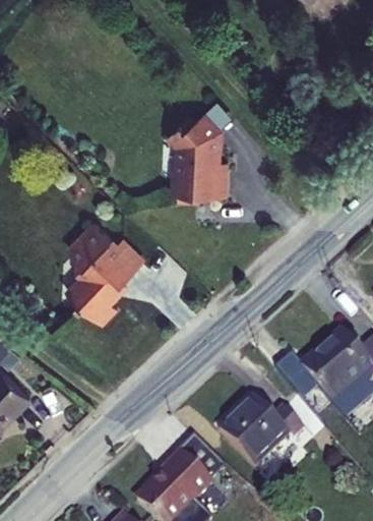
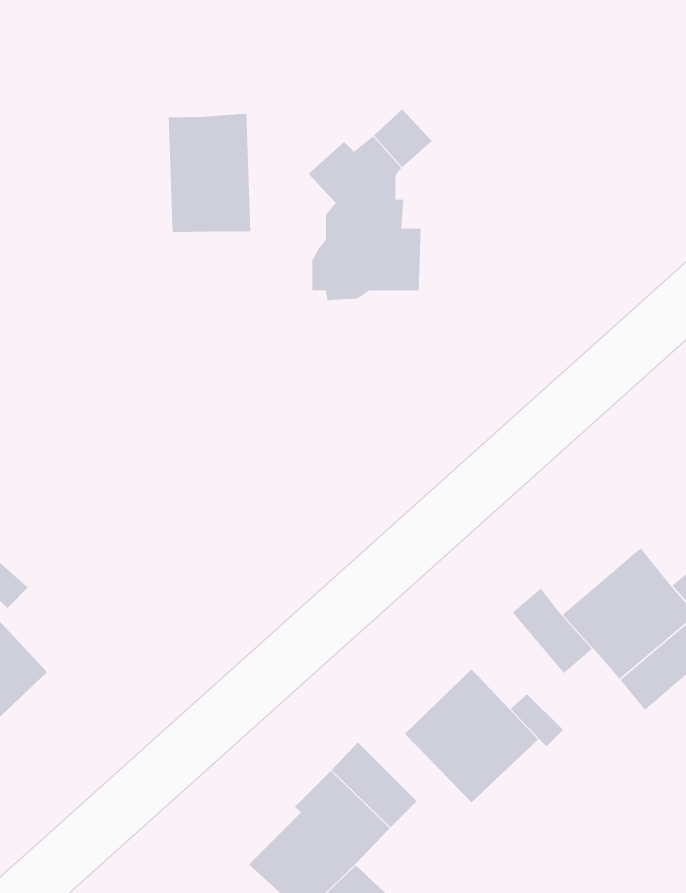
building: none -> [168,113,251,233]
building: [69,218,144,320] -> none

